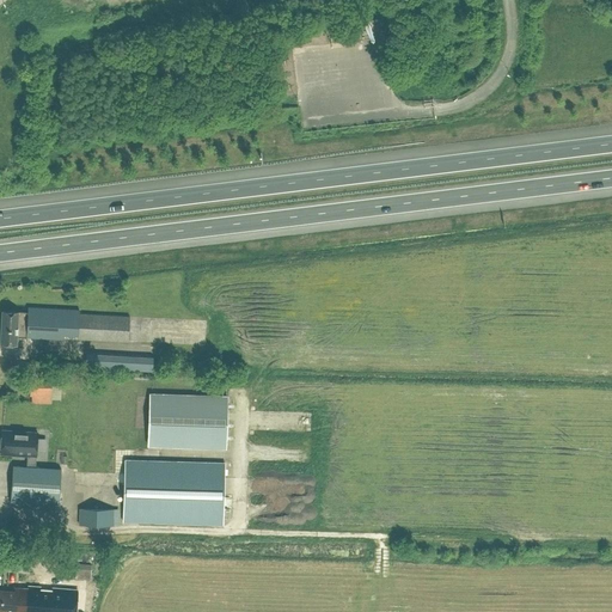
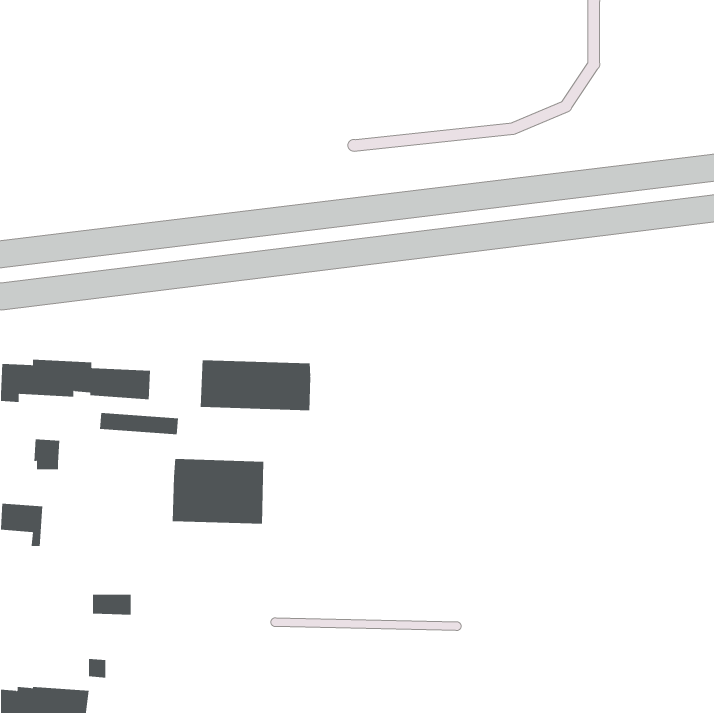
building: none -> [200,359,311,411]
building: [122,460,225,525] -> none
building: [10,467,61,507] -> none

